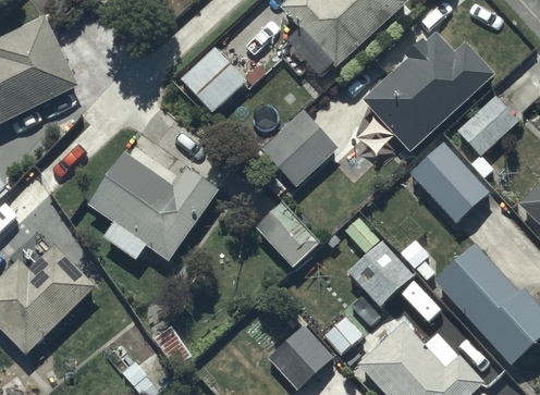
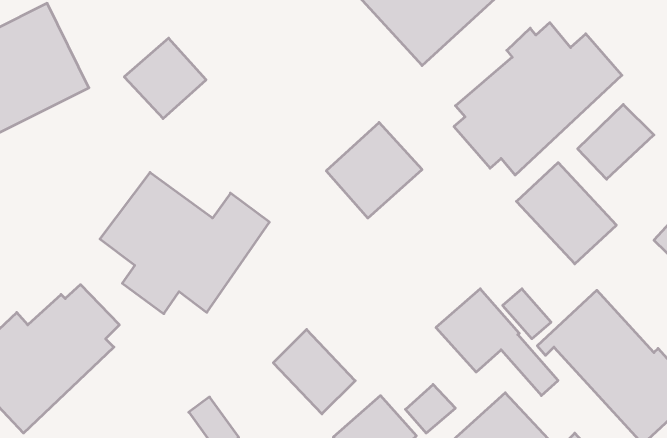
building: [180,49,244,112] -> [124,38,206,119]
building: [255,201,319,268] -> [273,329,355,414]

